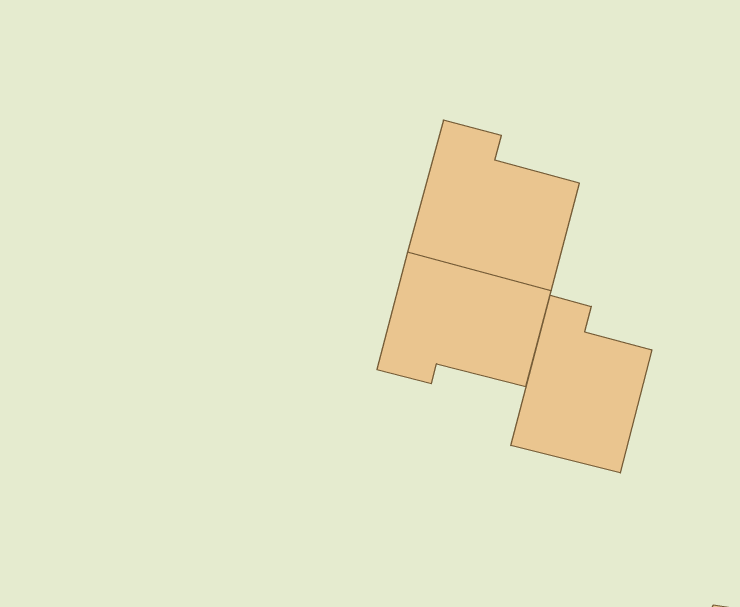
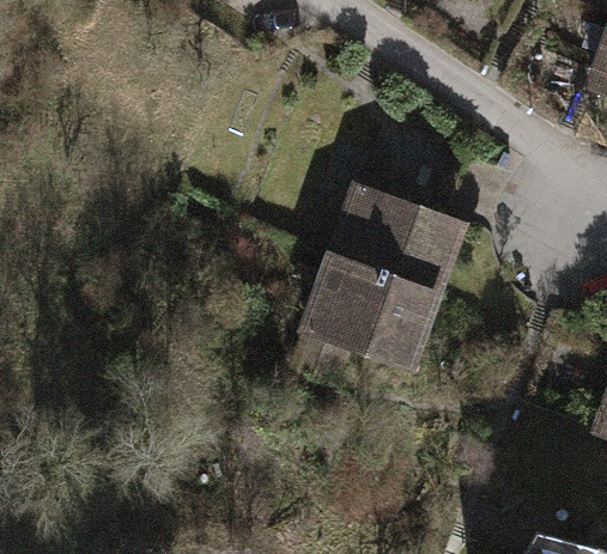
building: [511,295,652,473] -> none

